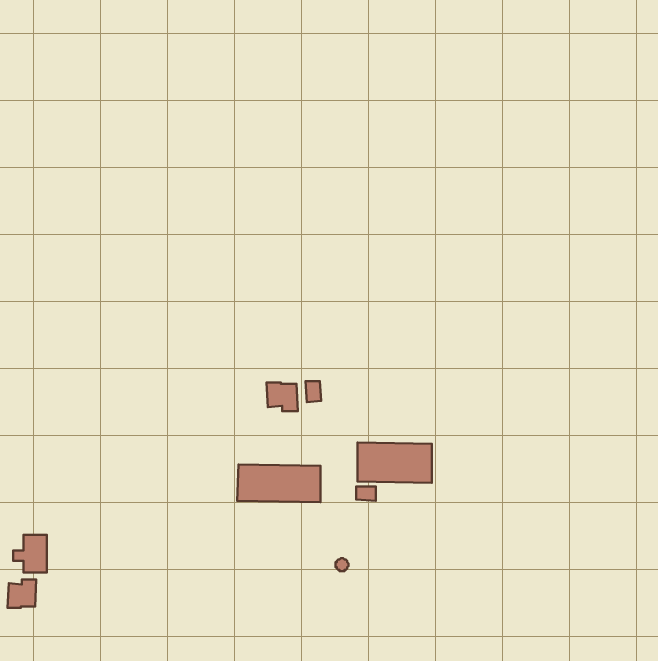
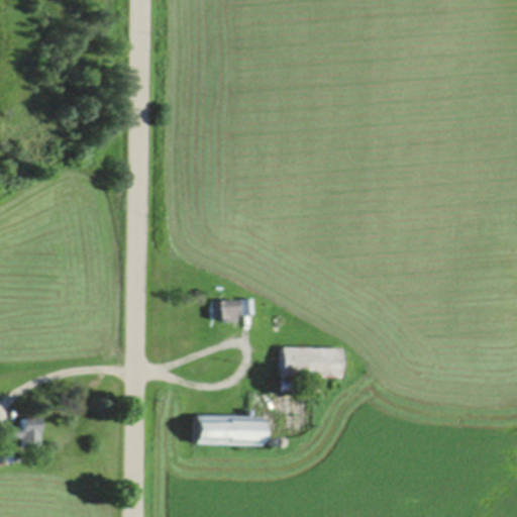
building: [237,464,320,502] -> [196,415,261,444]
building: [8,579,36,608] -> none

